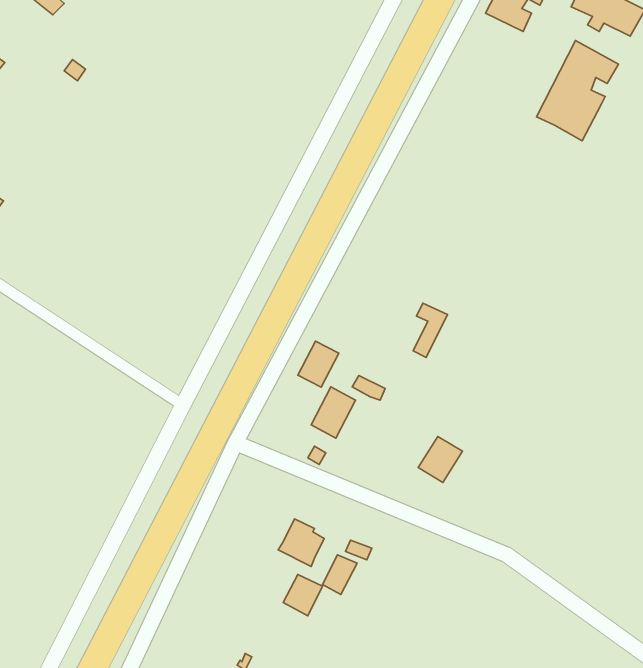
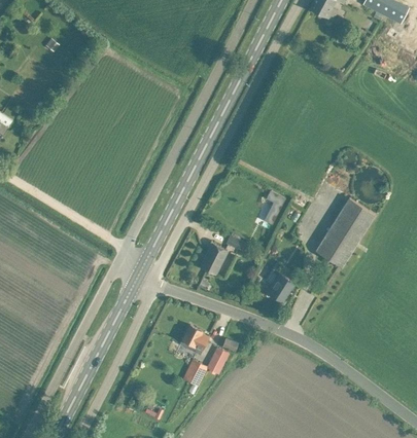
building: [537,41,618,141] -> none
building: none -> [315,197,375,267]
building: [298,341,339,387] -> none

